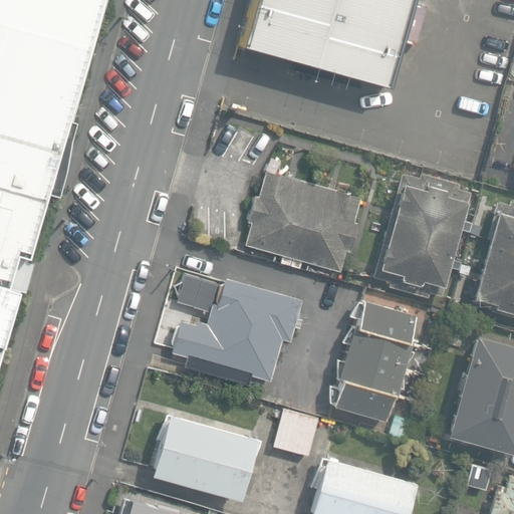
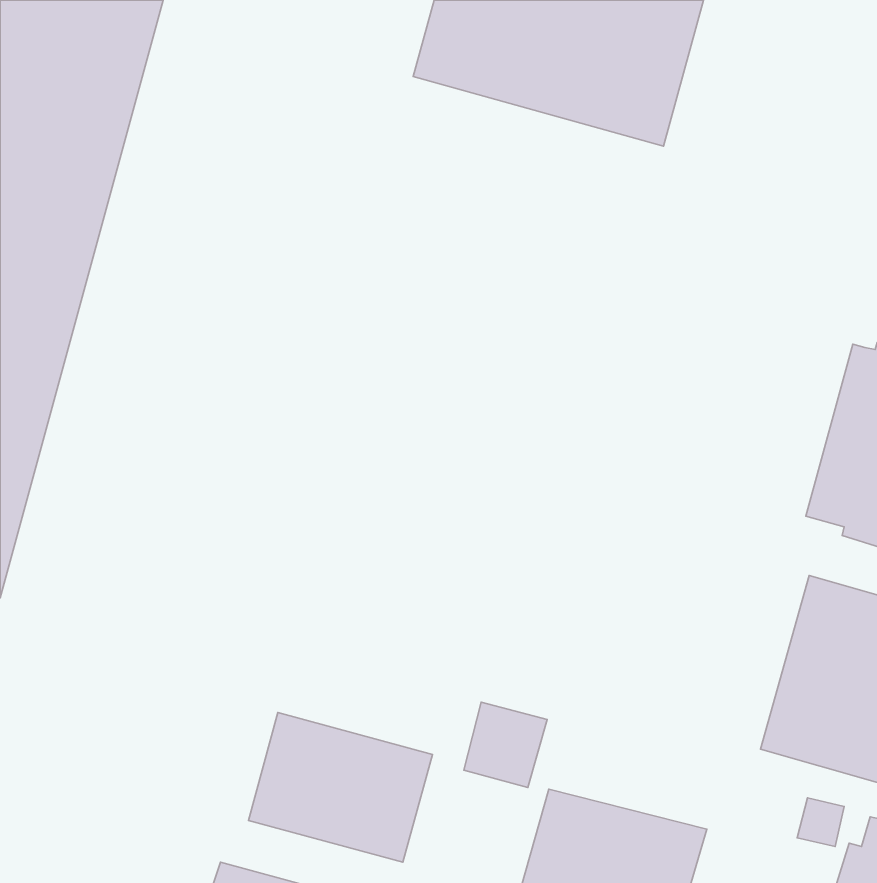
building: [247,171,363,273] -> none
building: [377,174,474,294] -> none
building: [175,281,304,387] -> none
building: [330,300,419,422] -> none

